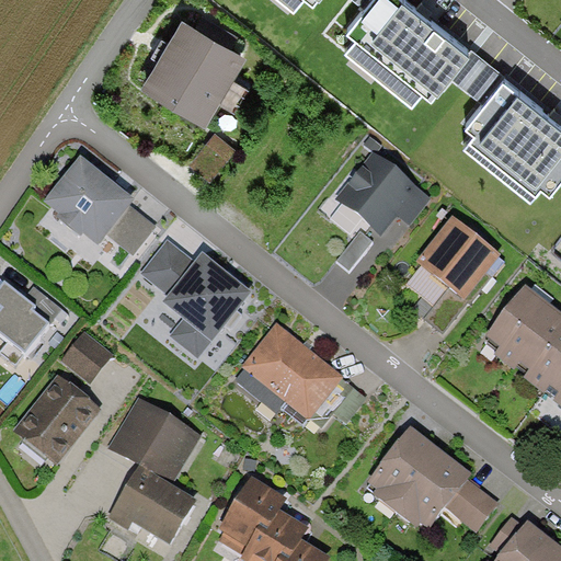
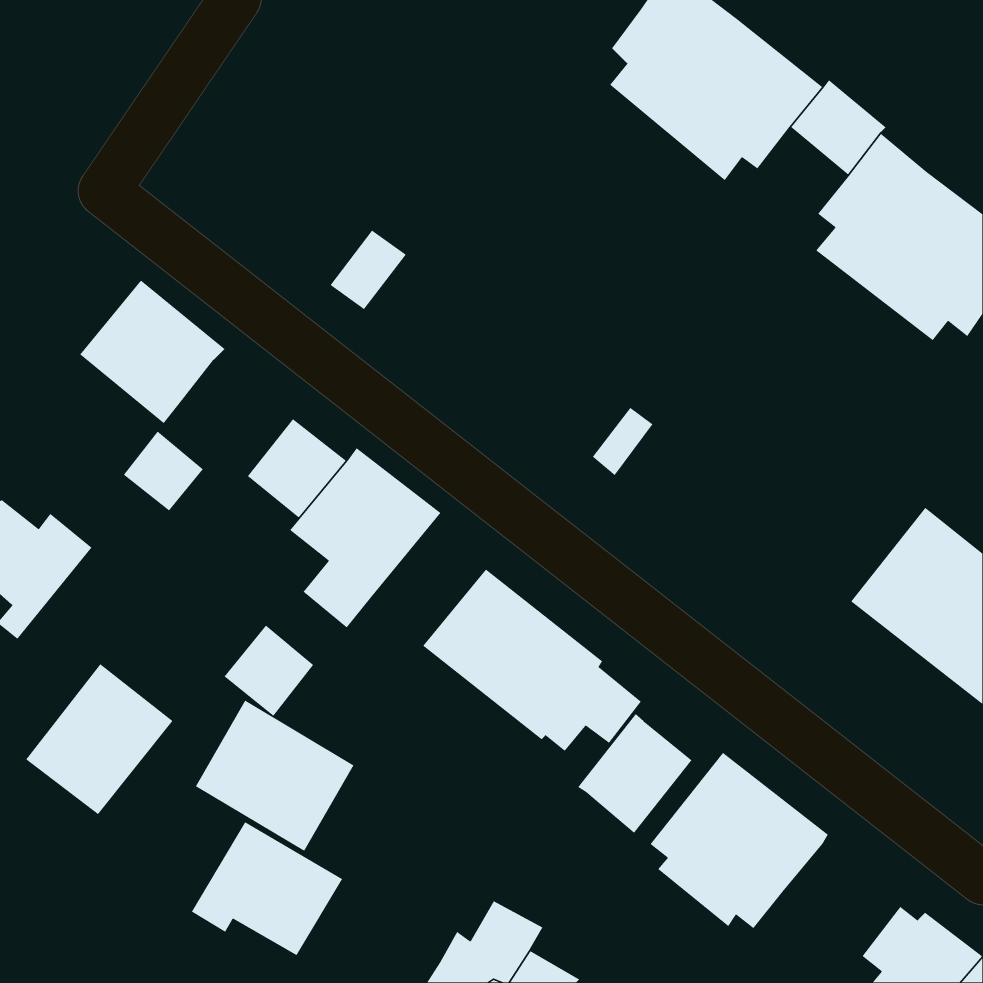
building: [142,12,247,115] -> none
building: [335,153,430,237] -> none
building: [102,205,148,251] -> [123,430,204,511]
building: [415,217,499,332] -> none
building: [60,332,112,385] -> [223,624,314,717]
building: none -> [577,713,692,834]
building: [221,478,287,547] -> none
building: [446,480,496,529] -> none

